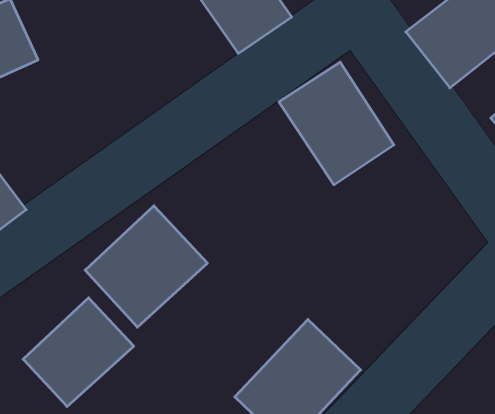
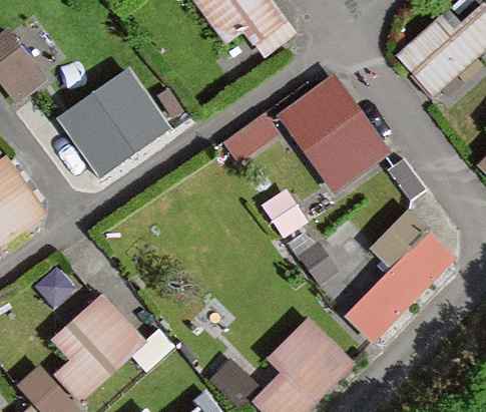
building: none -> [59,67,173,178]
building: [85,206,207,327] -> none
building: none -> [341,229,456,344]

